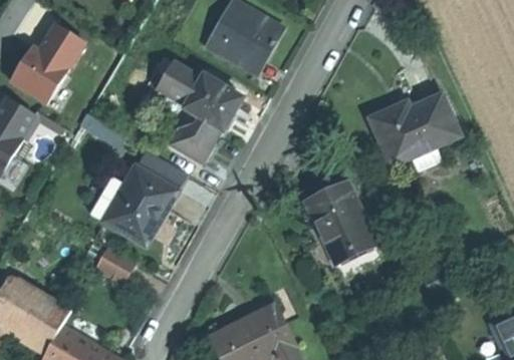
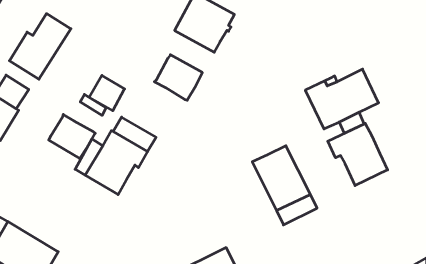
building: [160,62,202,104] -> [89,75,125,111]
building: [175,113,222,157] -> none
building: none -> [49,114,95,159]
building: none -> [328,123,388,186]
building: [95,244,137,282] -> none

